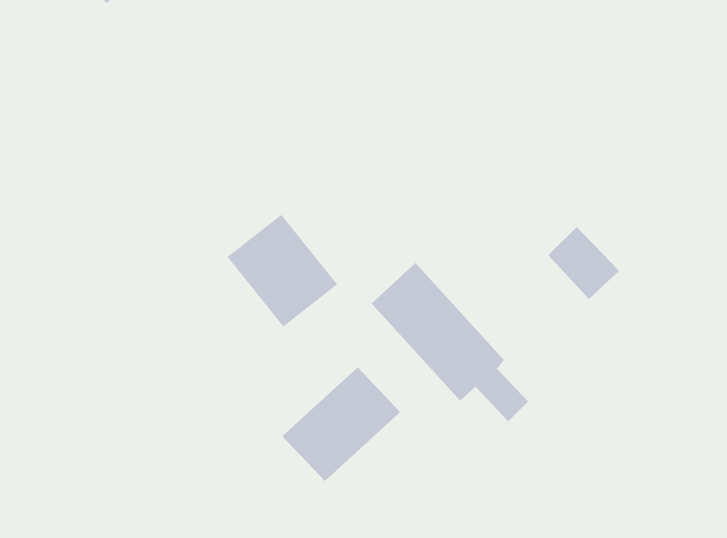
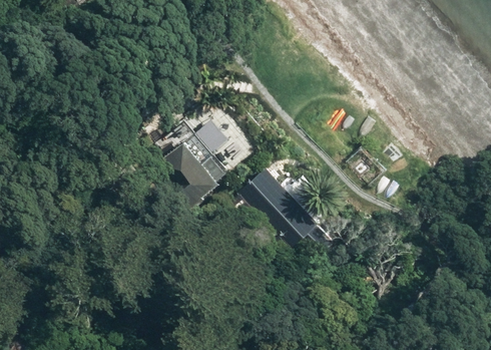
building: [282,367,401,482] -> none

